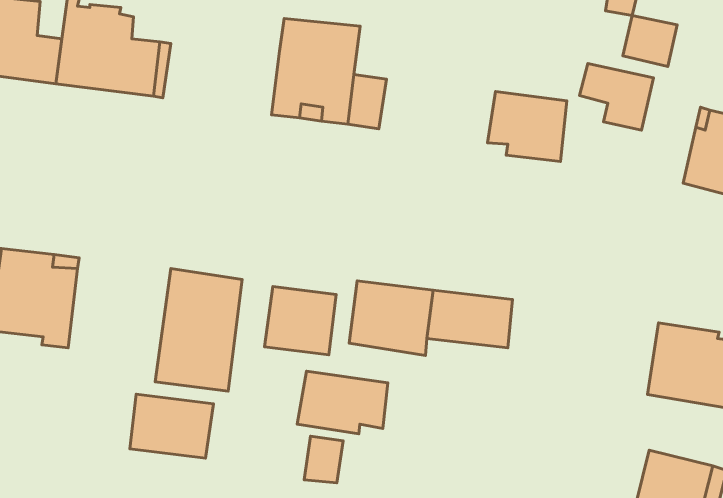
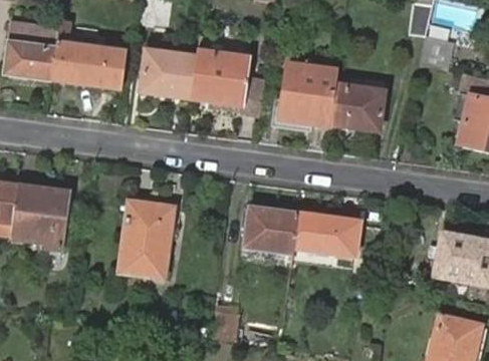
building: none -> [142,52,197,99]
building: [579,63,654,130] -> none
building: none -> [280,69,337,125]
building: [264,287,336,355] -> none
building: [297,371,388,434] -> none
building: [130,394,213,458] -> none

